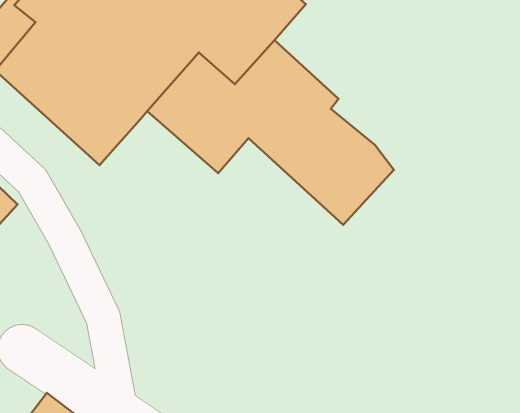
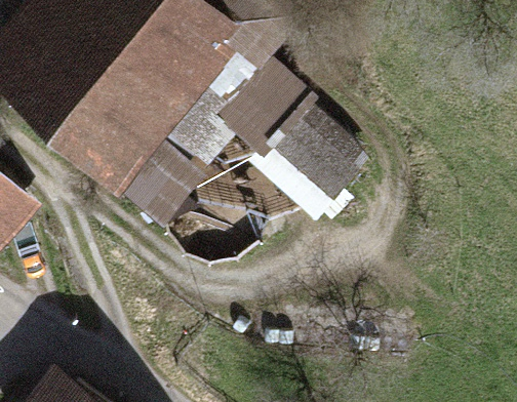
building: none -> [100,121,205,226]

